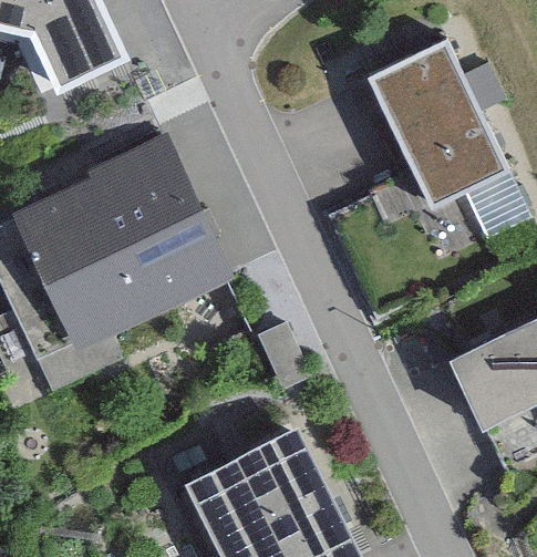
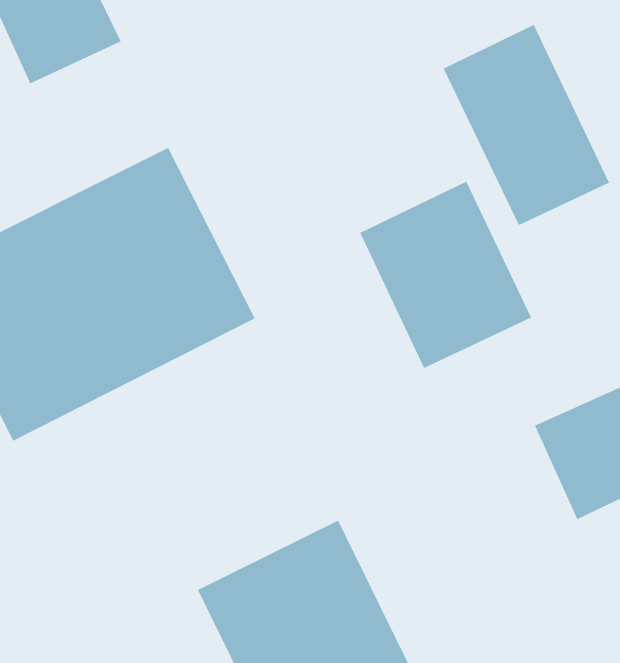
building: none -> [360,181,532,369]

